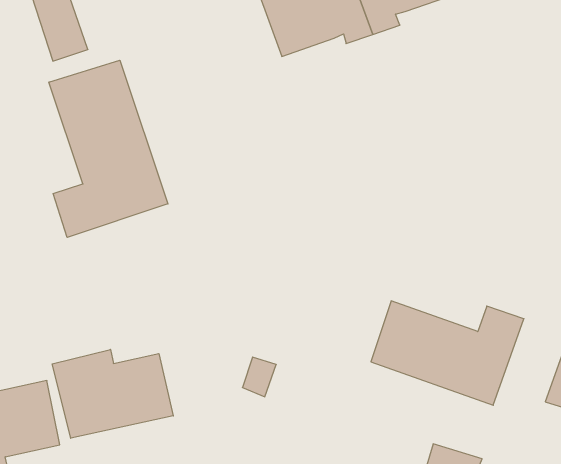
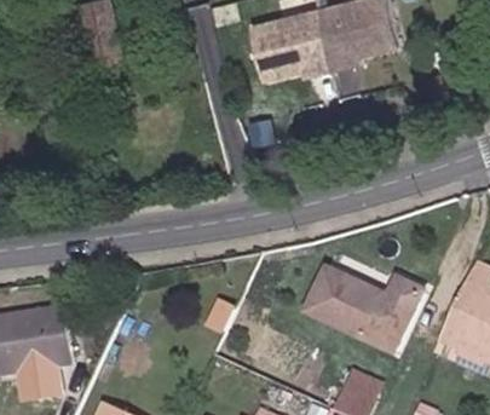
building: [49,60,168,237] -> none
building: [52,349,173,438] -> none

